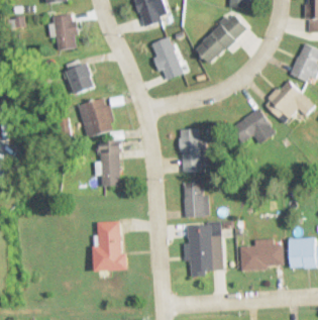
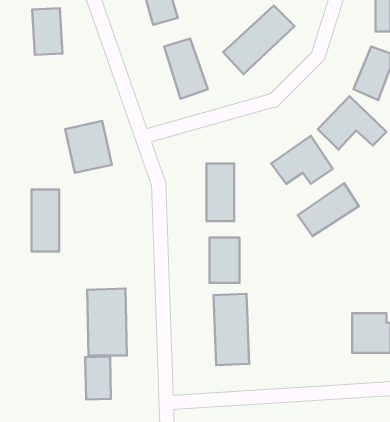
building: [64,60,94,93] -> none
building: [100,140,120,186] -> [32,190,59,251]
building: none -> [298,183,359,236]
building: [240,241,283,269] -> none
building: none -> [85,357,111,400]

